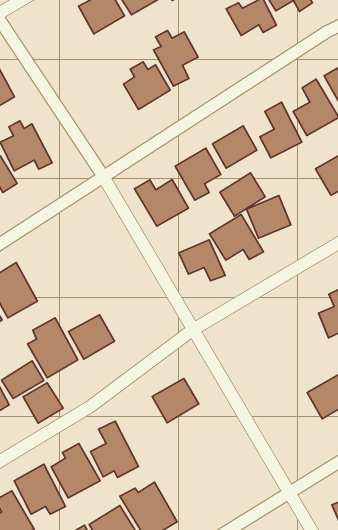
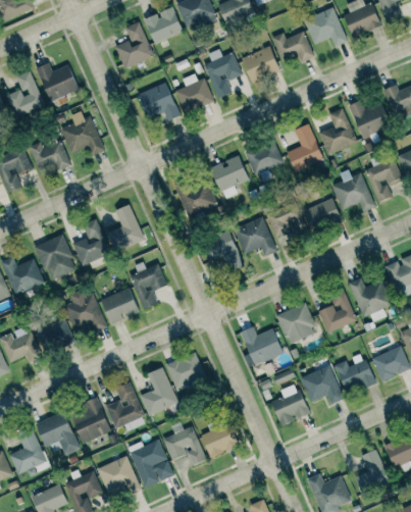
building: none -> [115,21,153,68]
building: none -> [241,46,280,82]
building: none -> [138,83,178,120]
building: [220,173,265,216] -> [303,197,342,233]
building: none -> [106,204,145,252]
building: none -> [72,219,109,264]
building: none -> [129,263,167,309]
building: none -> [276,303,317,345]
building: none -> [240,326,282,366]
building: [23,383,63,423] -> none
building: none -> [271,383,308,425]
building: none -> [140,367,177,415]
building: none -> [200,418,239,457]
building: none -> [162,425,206,466]

